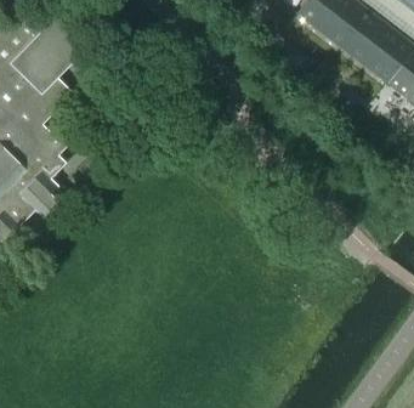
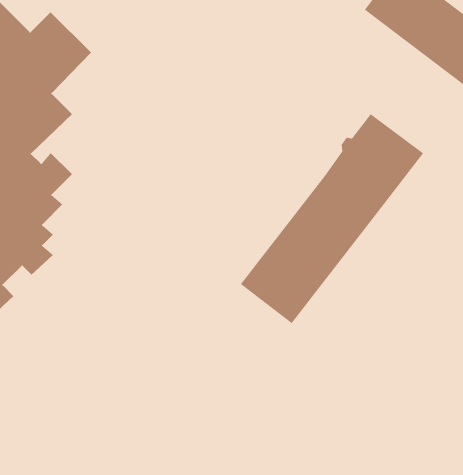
building: none -> [240,113,424,324]

